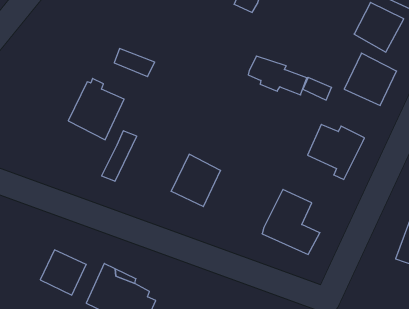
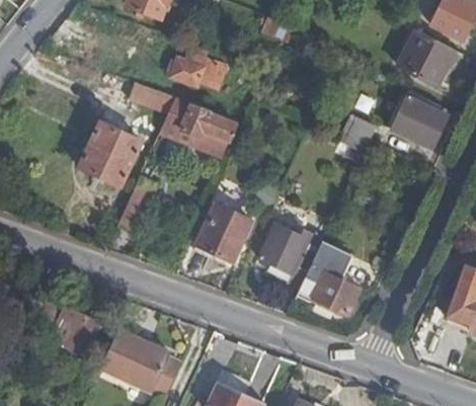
building: none -> [169,55,226,89]
building: [248,56,307,95] -> [168,98,234,142]
building: [308,124,364,179] -> [259,222,323,283]

